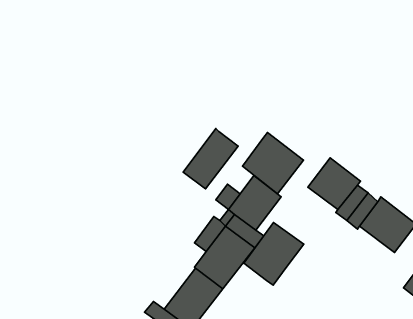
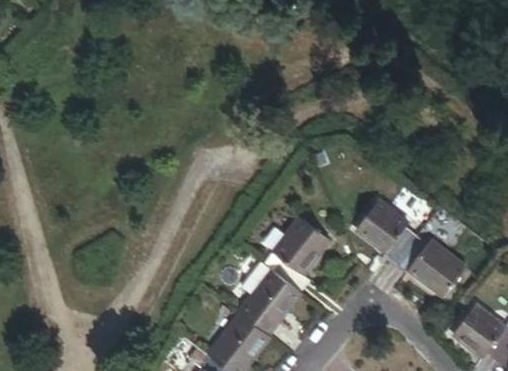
building: [183,128,238,189] -> none
building: [243,133,304,194] -> none
building: [244,223,304,285] -> none

